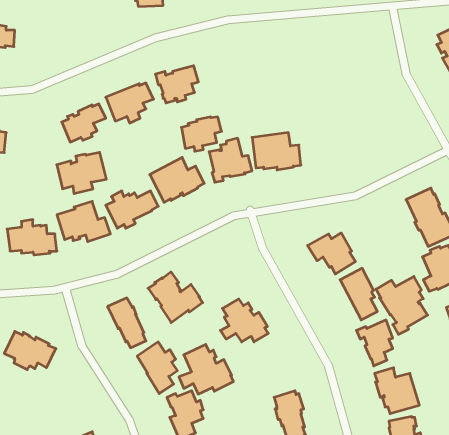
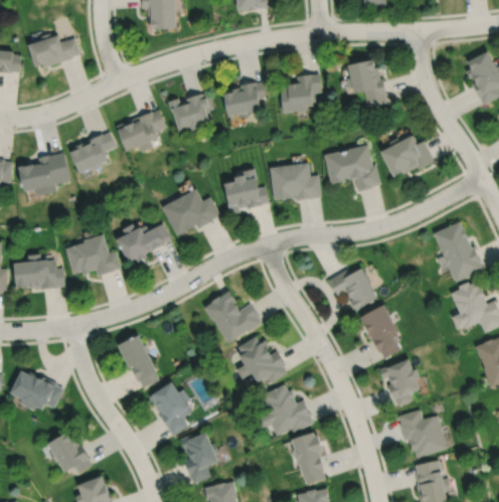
building: none -> [27,32,78,66]
building: none -> [347,57,387,107]
building: none -> [280,73,322,112]
building: none -> [382,134,435,175]
building: none -> [324,144,380,191]
building: [181,117,222,151] -> [224,81,267,118]
building: [57,152,106,194] -> [17,153,69,196]
building: [148,272,203,323] -> [204,291,262,344]
building: [376,276,428,334] -> none
building: [179,344,233,394] -> [257,384,314,437]
building: none -> [47,434,92,475]

